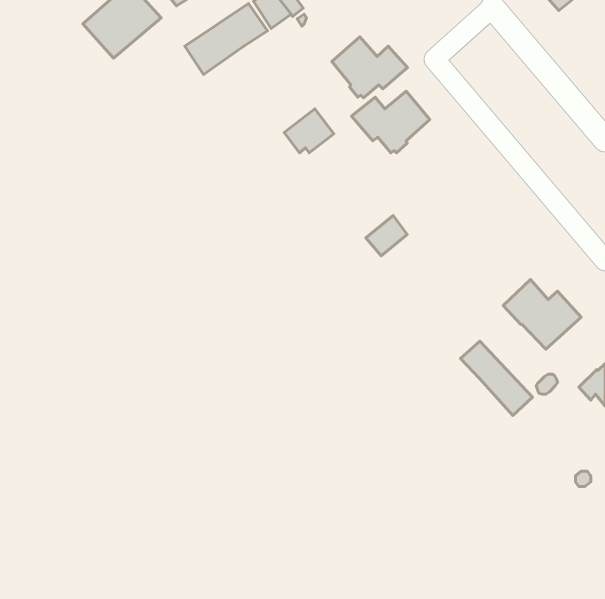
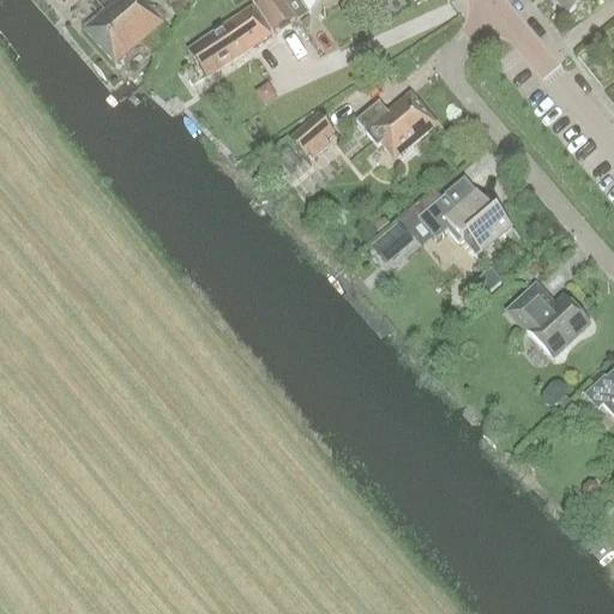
building: [332,37,408,98] -> none
building: none -> [398,173,512,248]
building: [460,341,532,415] -> none

